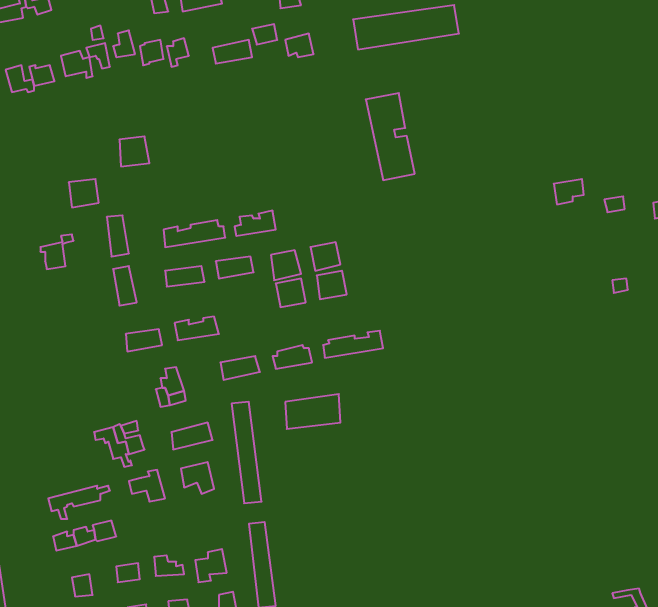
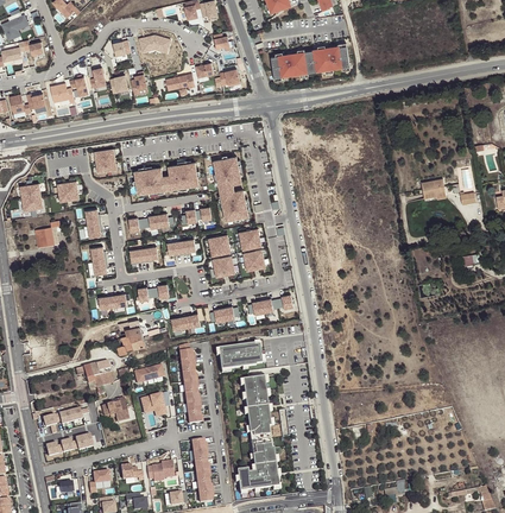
building: [366,93,415,180] -> [213,153,250,218]
building: none -> [134,158,201,192]
building: none -> [20,182,43,210]
building: none -> [236,373,279,488]

